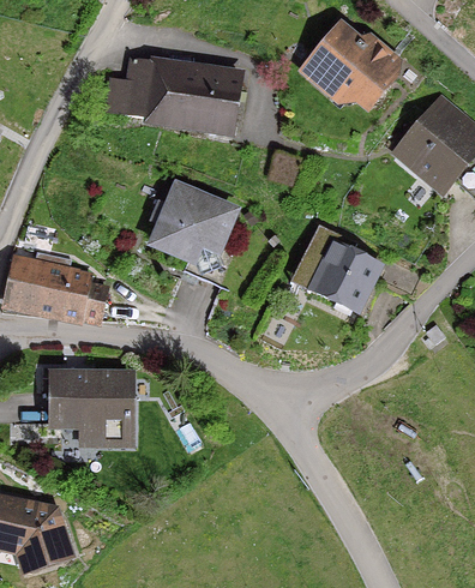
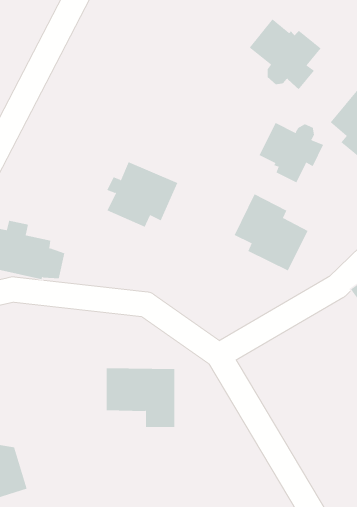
building: [104,59,240,131] -> none
building: none -> [259,122,324,183]
building: [50,374,128,442] -> [106,368,175,427]

